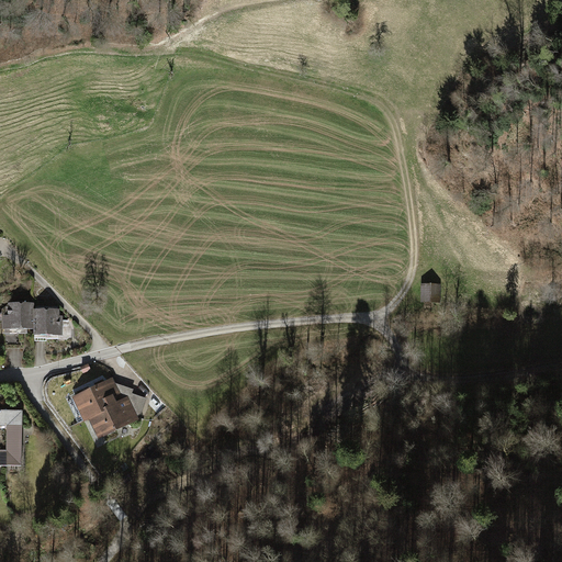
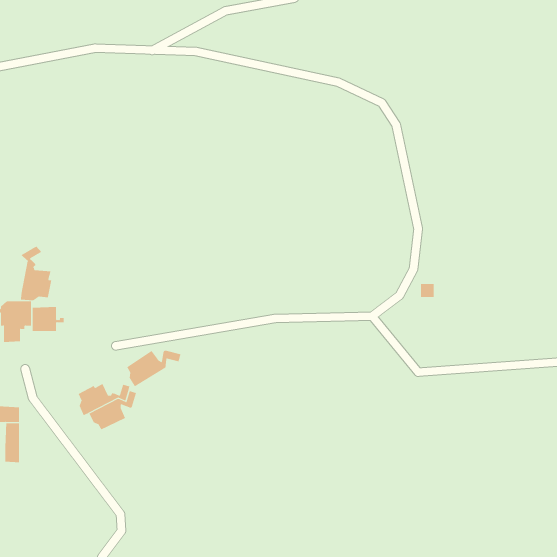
building: none -> [21,246,52,301]
building: none -> [126,350,181,387]

